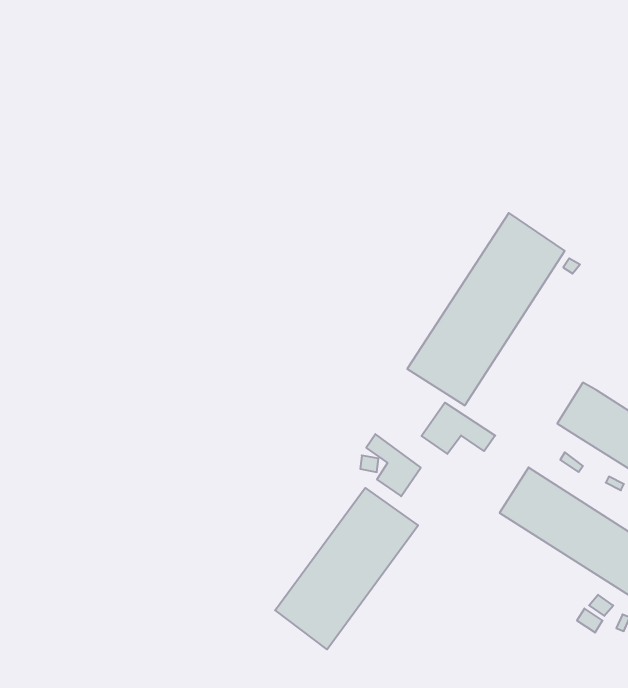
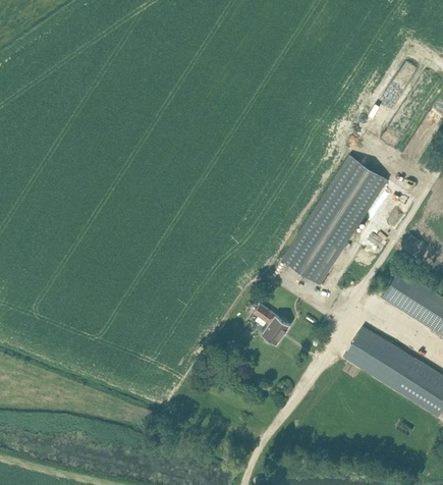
building: [422,403,495,454] -> none
building: [275,488,418,649] -> none

